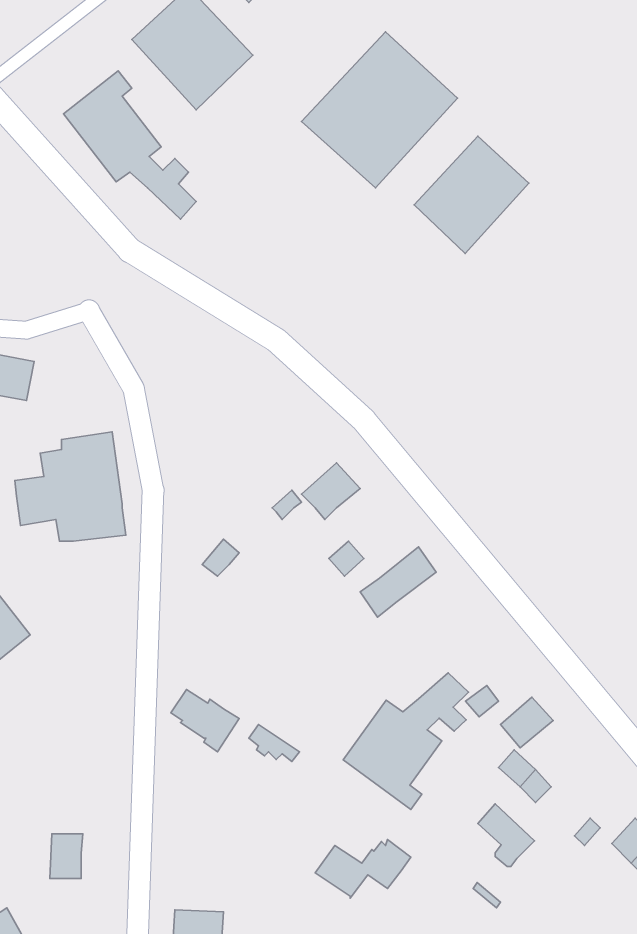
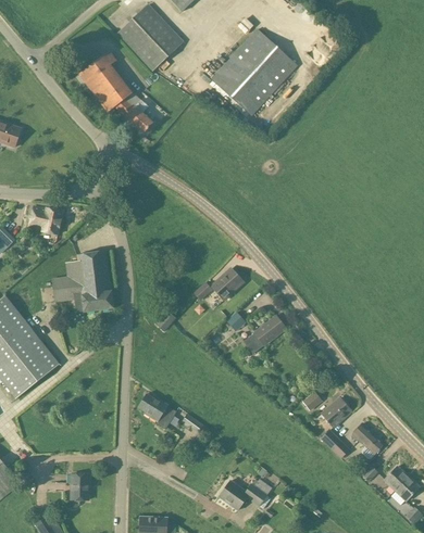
building: [414,136,529,253] -> none
building: [343,673,469,809] -> none
building: [478,804,534,866] -> [352,423,384,458]

